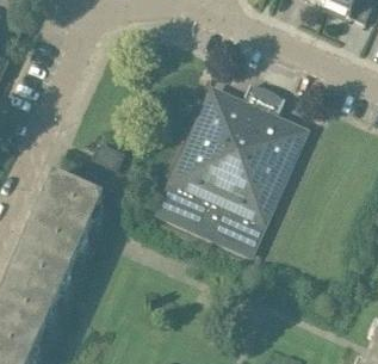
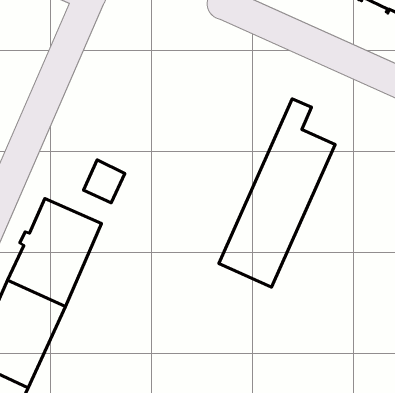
building: [156,81,266,232] -> none

